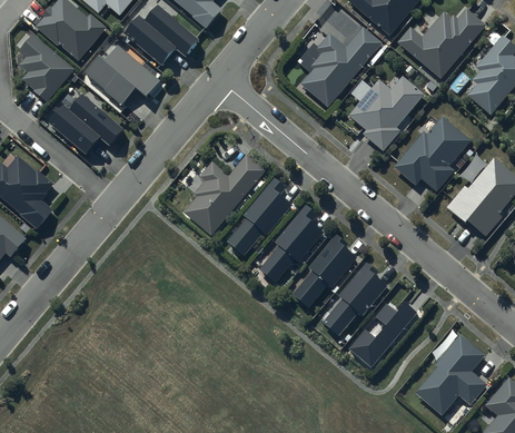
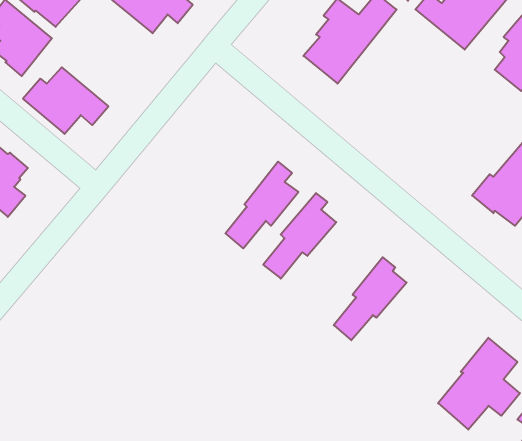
building: [85,45,160,105] -> none
building: [347,77,420,151] -> none
building: [390,117,468,191] -> none
building: [184,154,265,235] -> none
building: [293,234,356,307] -> none
building: [348,301,417,366] -> none

